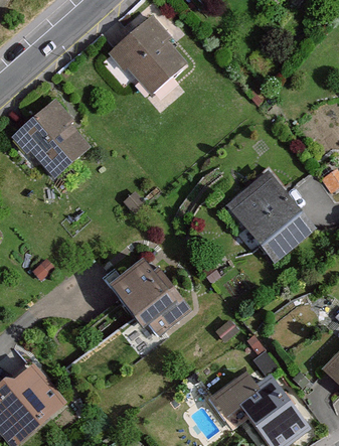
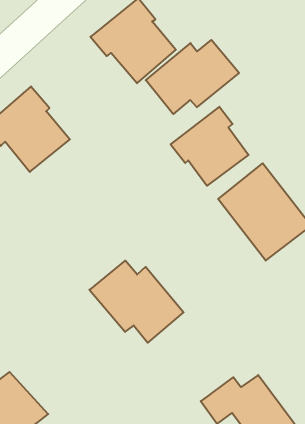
building: none -> [146,40,239,114]
building: none -> [171,107,249,186]

